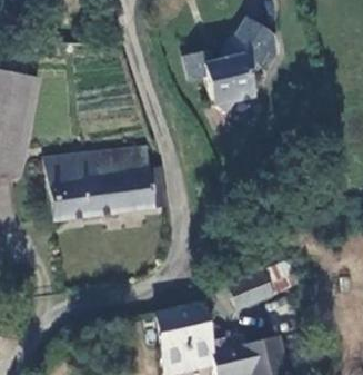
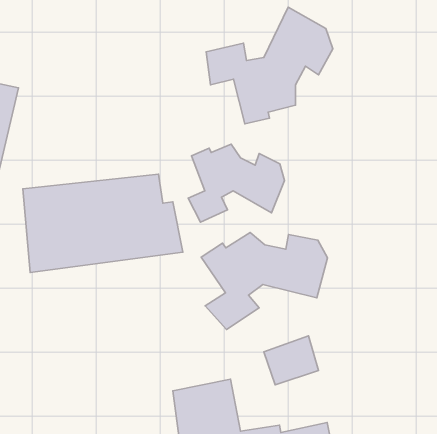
building: none -> [188,144,285,222]
building: none -> [201,233,327,329]

